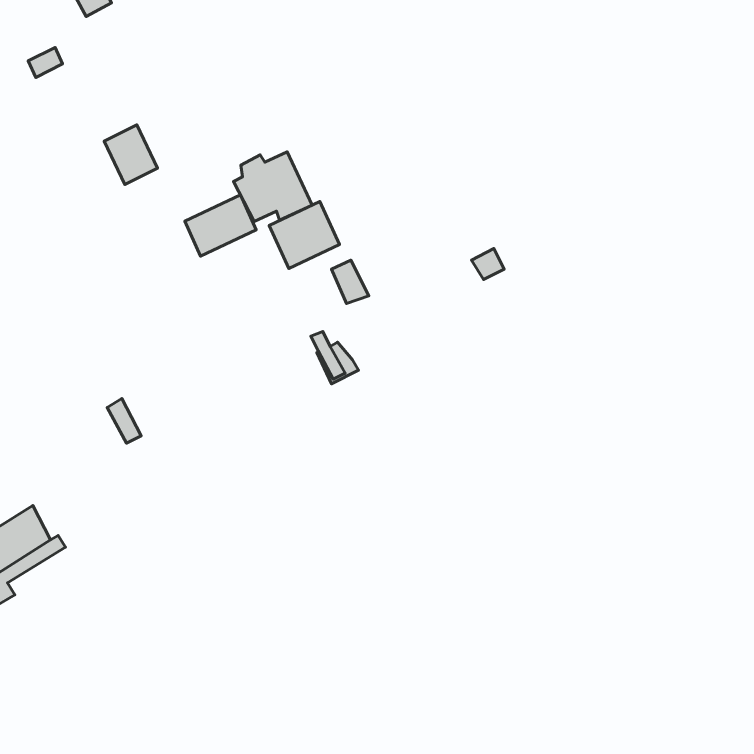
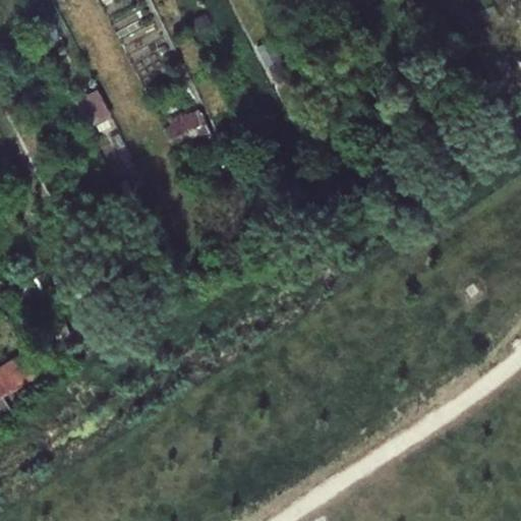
building: [185,195,256,256] -> none
building: [269,202,339,268] -> none

